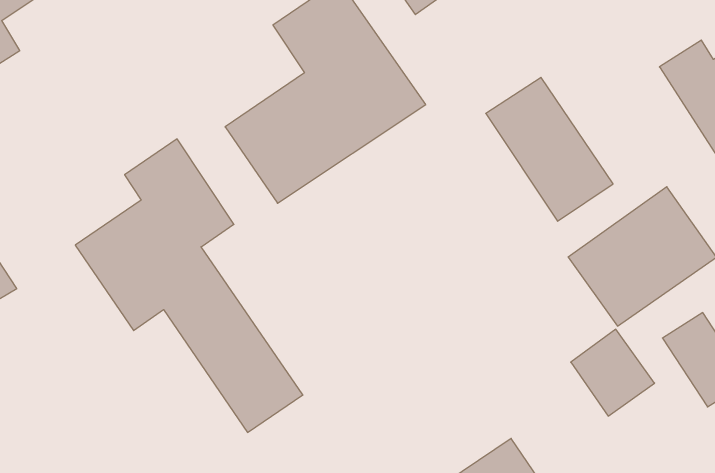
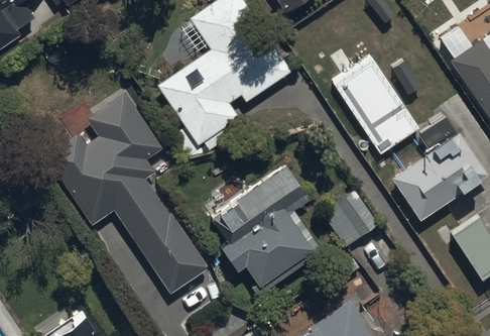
building: none -> [211,166,322,294]
building: [571,329,655,416] -> [322,190,378,248]

